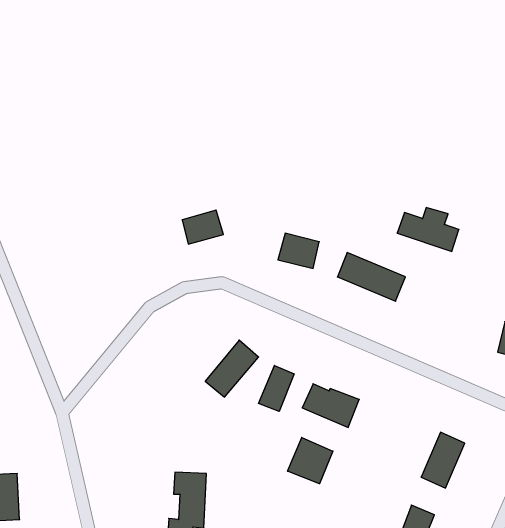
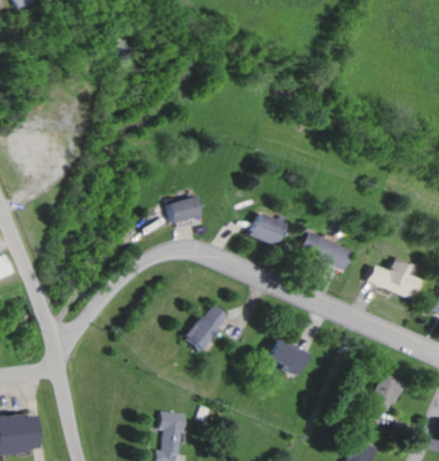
building: [397,208,459,251] -> [365,262,416,298]
building: [258,365,294,411] -> none
building: [288,437,333,484] -> none

